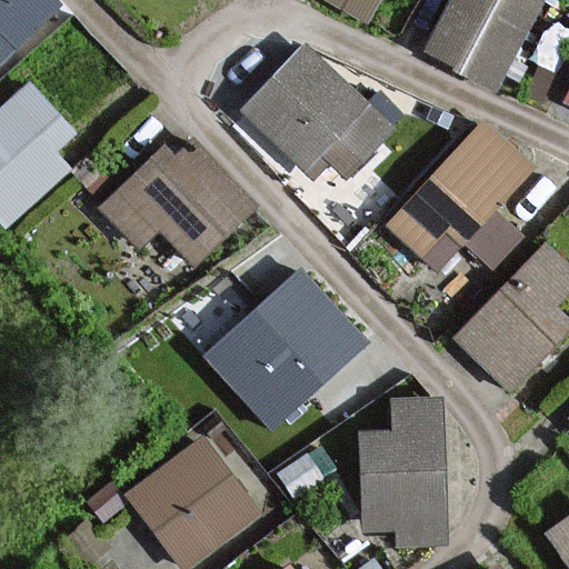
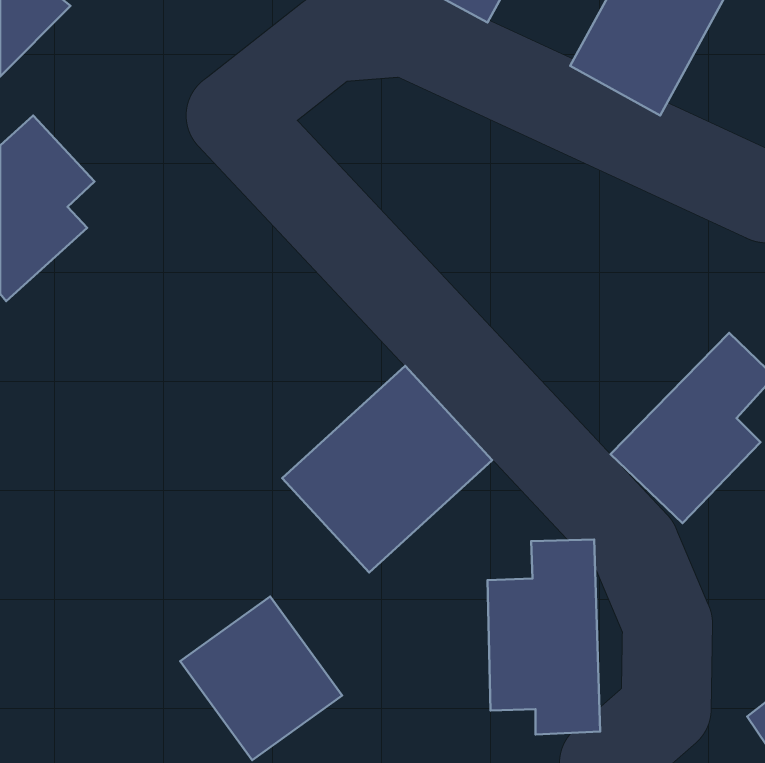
building: [239,47,387,176] -> none
building: [387,126,526,267] -> none
building: [99,144,248,262] -> none

